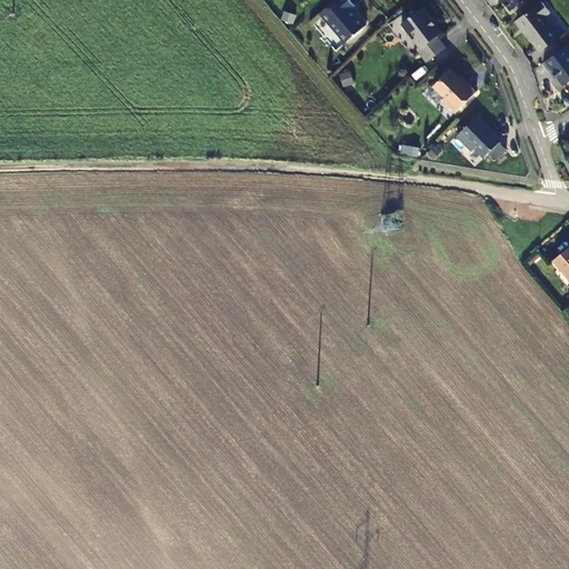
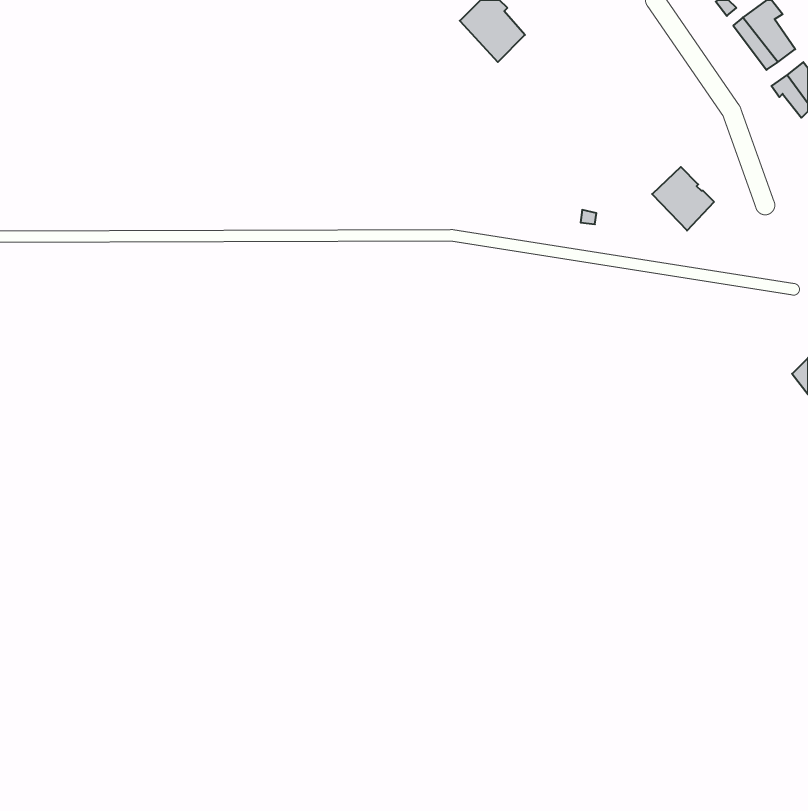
building: [400,8,445,63] -> none
building: [432,70,475,113] -> none

